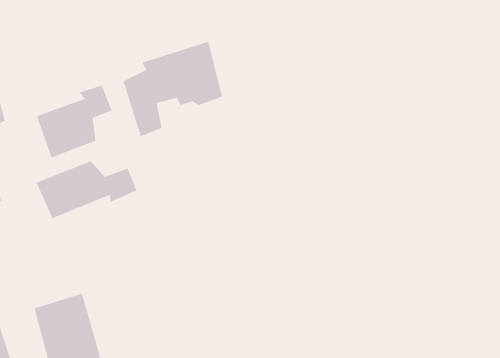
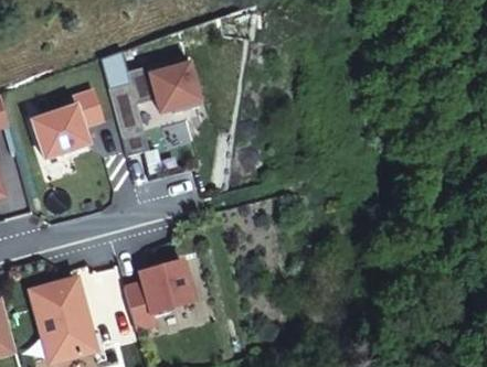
building: [35,161,137,219] -> none
building: none -> [124,258,193,325]

